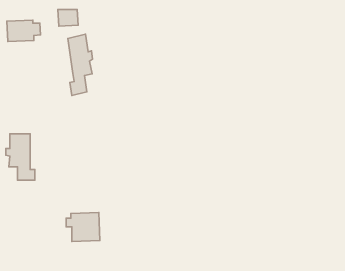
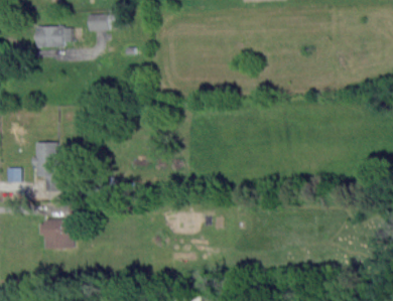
building: [68,34,93,95] -> none
building: [66,213,100,241] -> [38,218,74,249]

